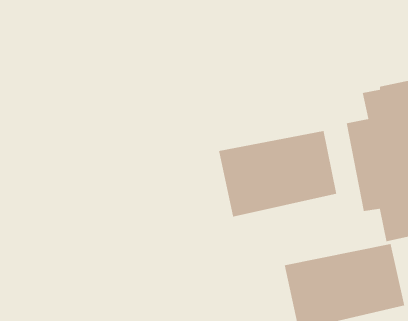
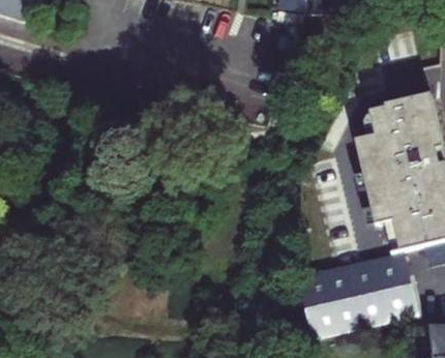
building: [218,130,337,218] -> none

